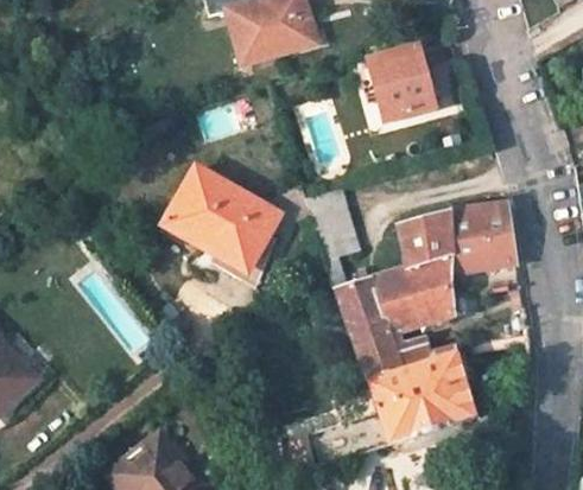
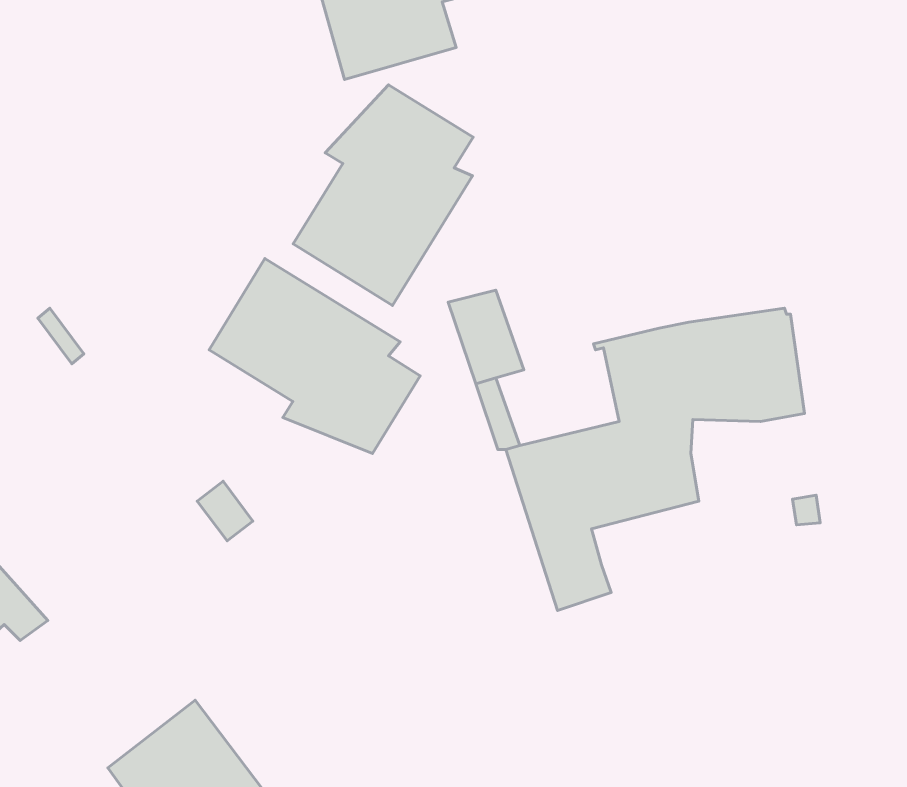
building: [369,49,435,121] -> none
building: none -> [293,85,473,306]
building: [287,342,475,473] -> none

